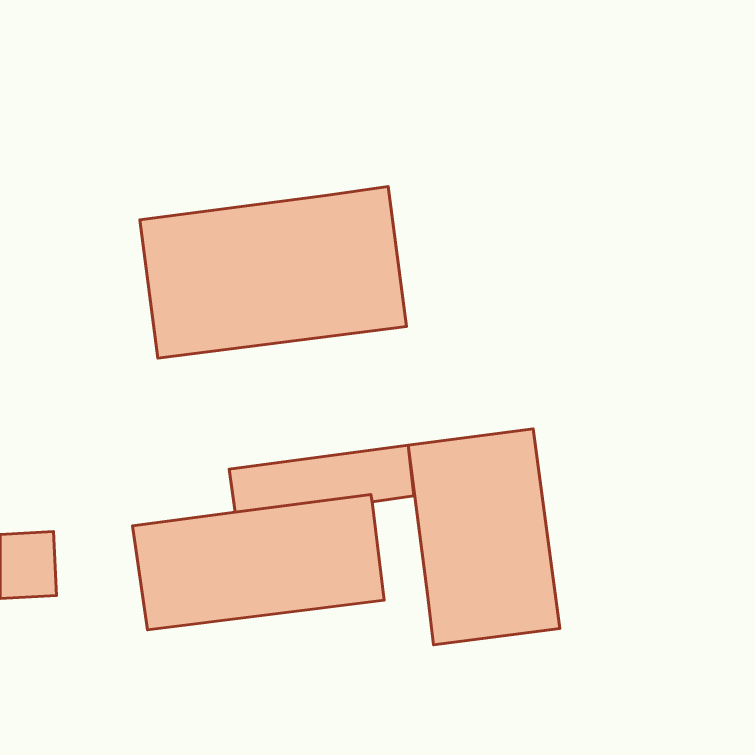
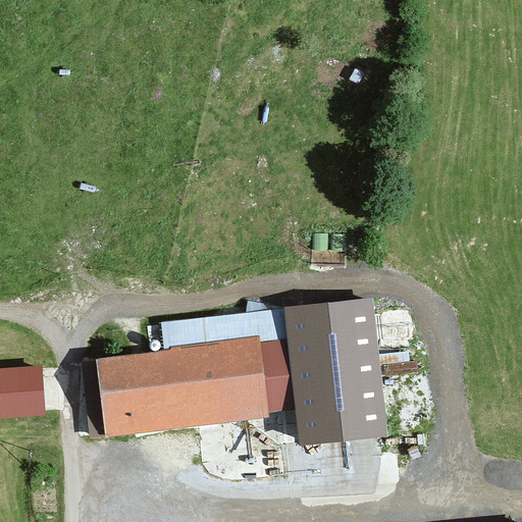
building: [140,187,407,358] -> none
building: none -> [259,344,297,415]

